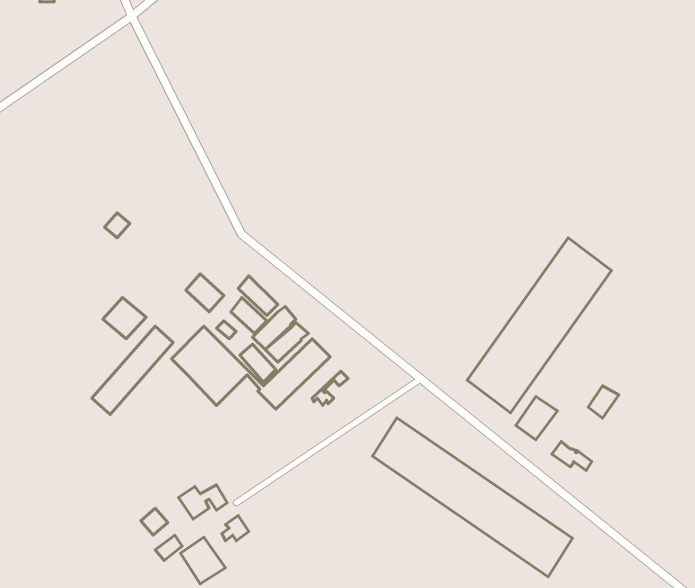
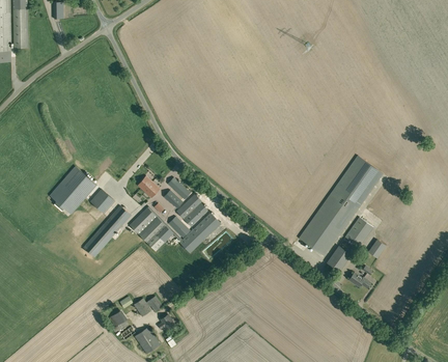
building: none -> [50,166,96,214]
building: none -> [345,217,373,247]
building: [373,418,572,577] -> none

